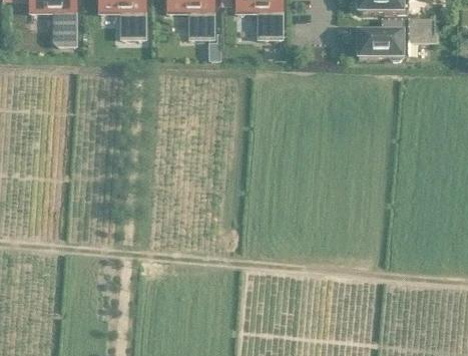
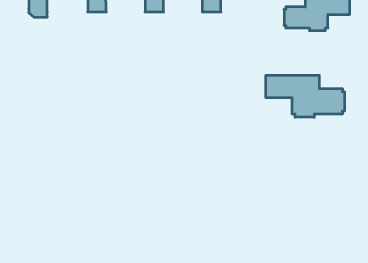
building: none -> [266,75,344,117]

